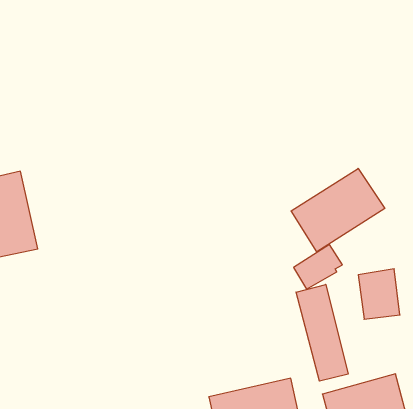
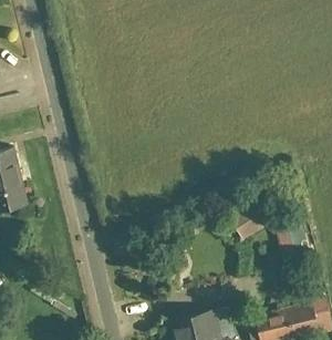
building: [291,168,385,252] -> none
building: [296,284,348,381] -> none

